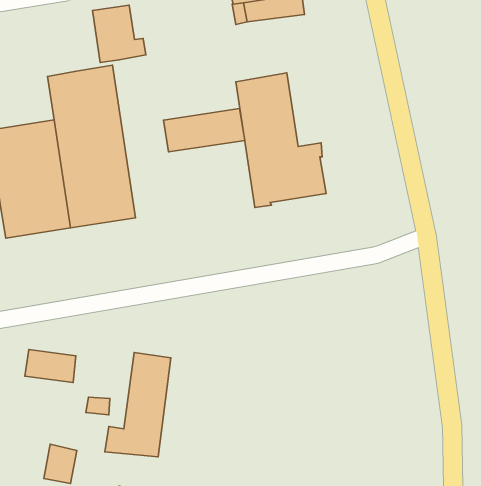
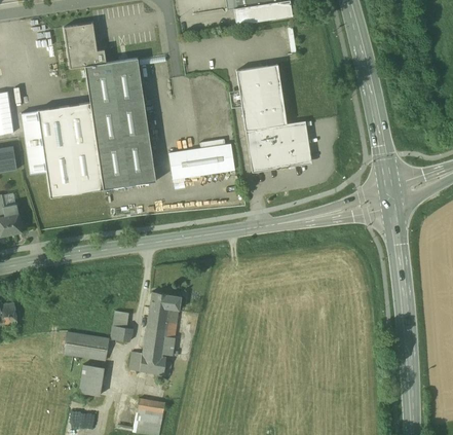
building: [92,5,146,63] -> [63,23,106,69]
building: [163,109,245,152] -> [168,144,234,179]
building: [25,349,76,382] -> [67,331,108,358]

